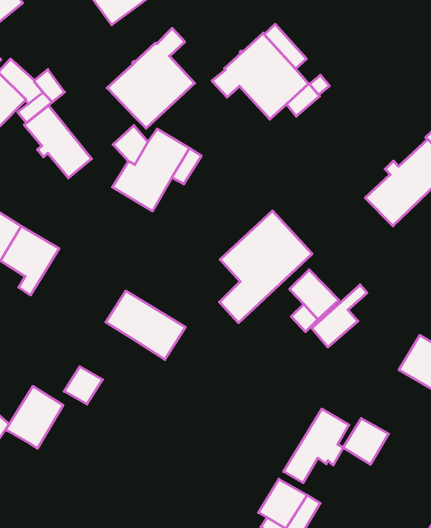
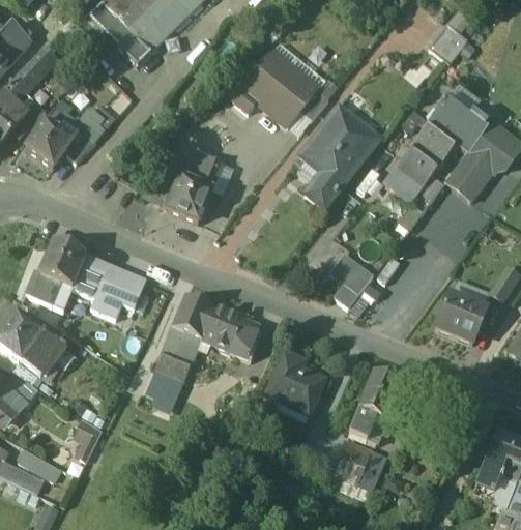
building: [107,28,195,128] -> none
building: [24,106,92,178] -> none
building: [219,211,312,323] -> [299,107,379,209]
building: none -> [103,268,146,318]
building: none -> [229,320,262,359]
building: none -> [265,352,324,414]
building: [6,386,63,448] -> [154,326,201,380]
building: [343,418,389,464] -> none

